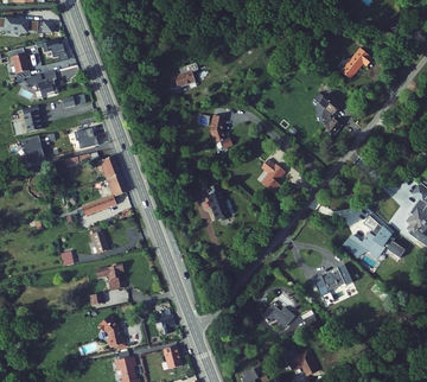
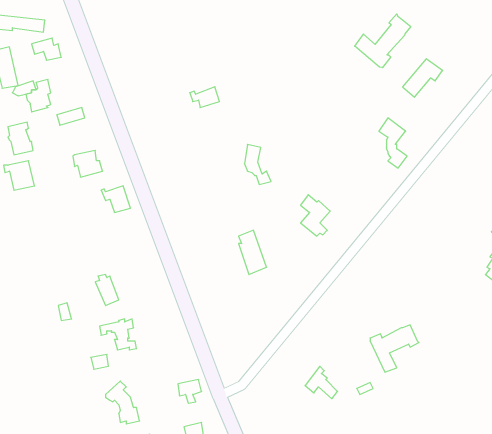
building: none -> [355,14,411,68]
building: [82,176,127,215] -> none
building: [342,216,403,259] -> none

